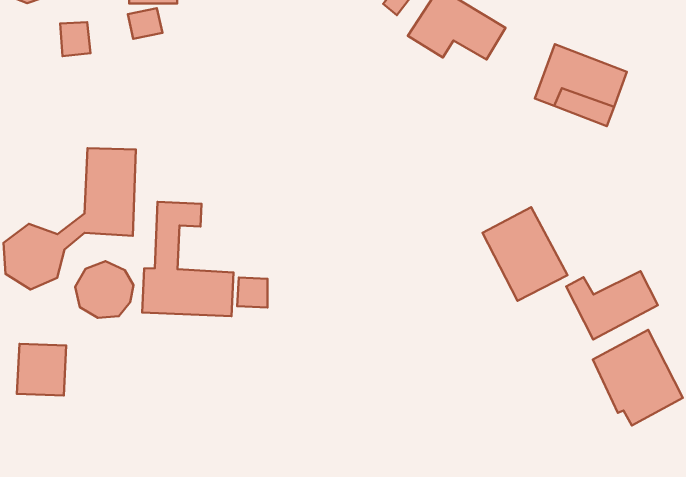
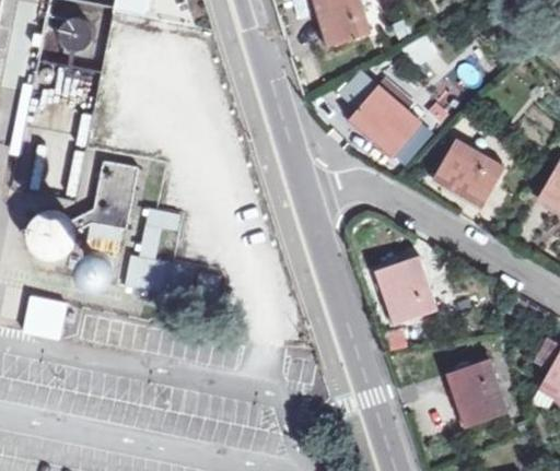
building: [566,271,658,340] -> none

